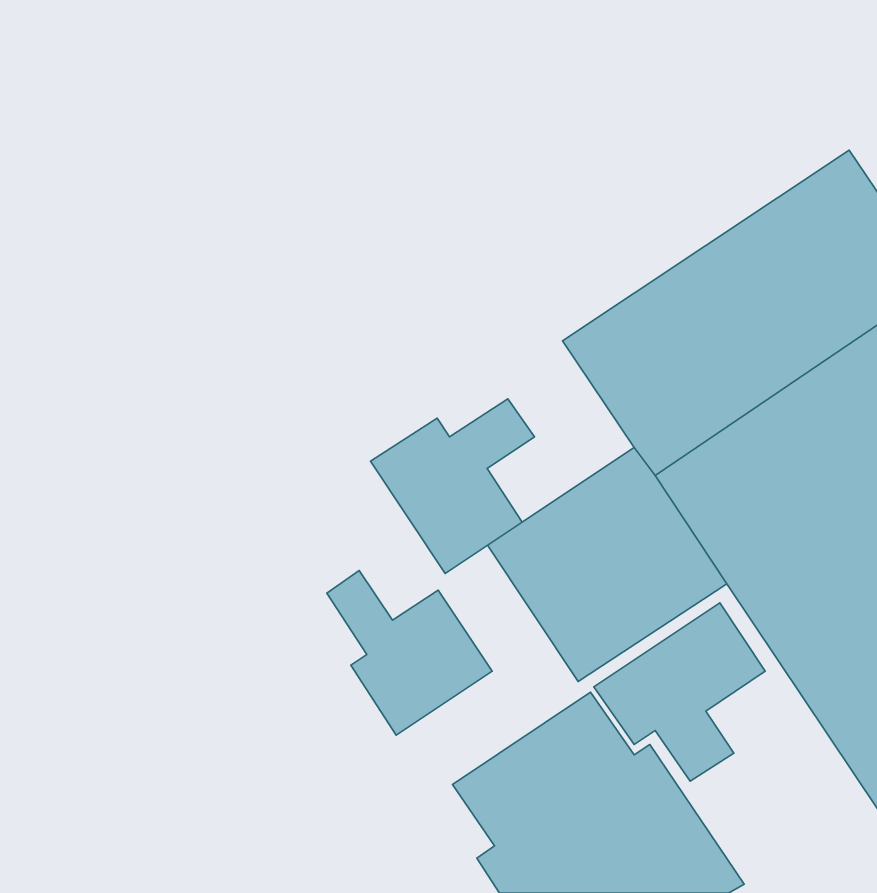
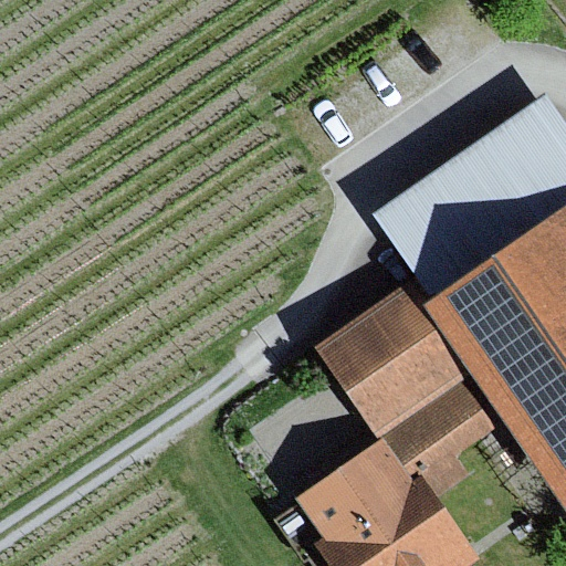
building: [370,399,535,573] -> none
building: [327,570,492,735] -> none

